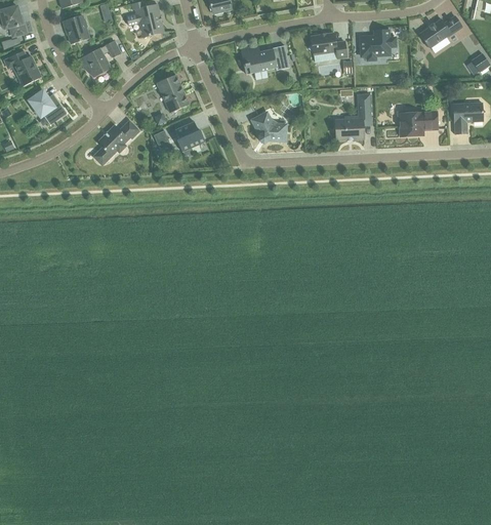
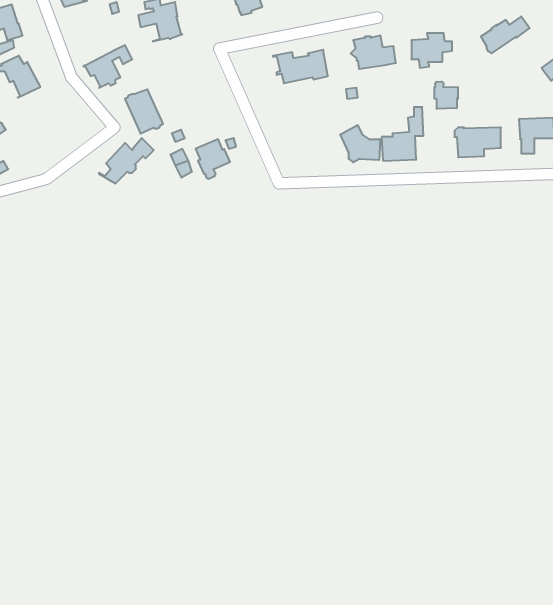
building: [62,14,88,43] -> none
building: none -> [435,81,458,109]
building: [156,74,189,112] -> [125,89,163,134]
building: [28,89,67,125] -> none
building: [251,111,286,143] -> [340,125,381,162]

